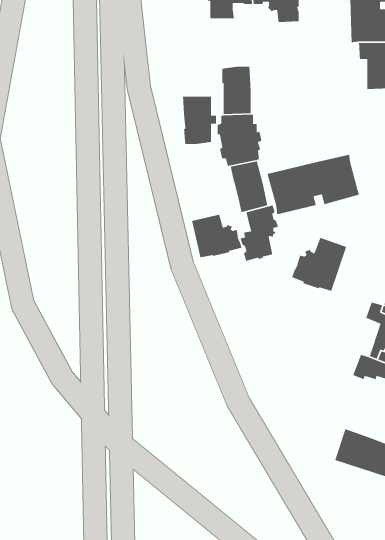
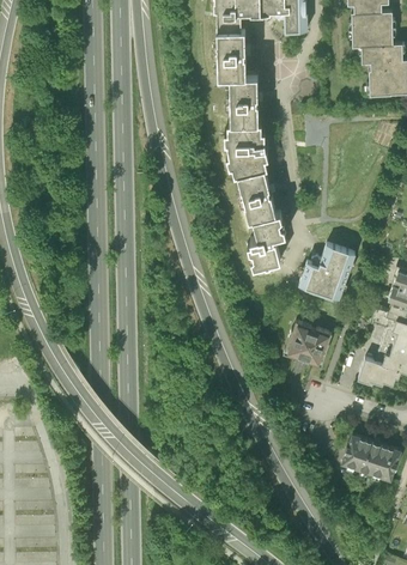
building: [182,96,217,145] -> [214,26,249,75]
building: [267,154,360,215] -> none
building: [191,214,242,258] -> none
building: none -> [284,323,333,370]

